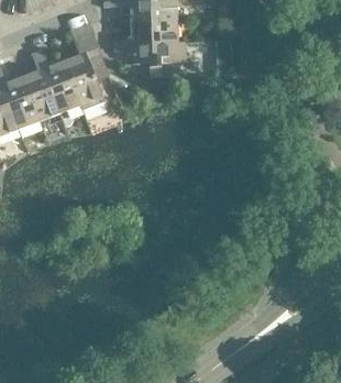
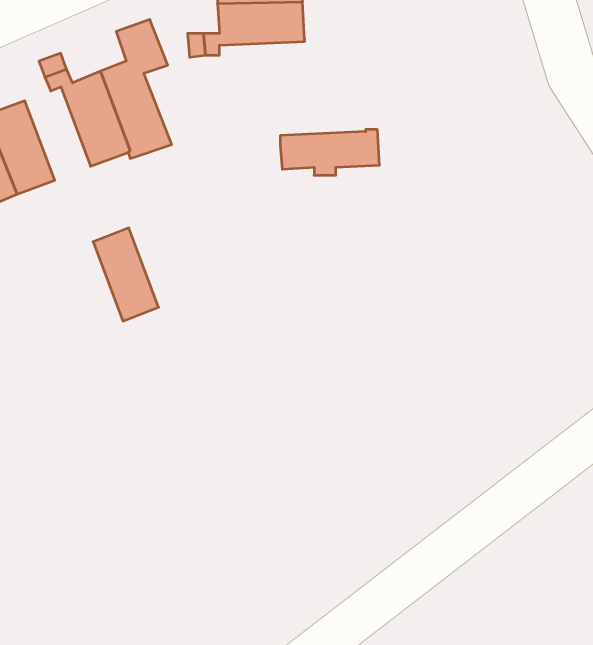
building: [130,42,185,67] -> [280,130,379,175]
building: [22,68,58,120] -> [93,228,159,321]

